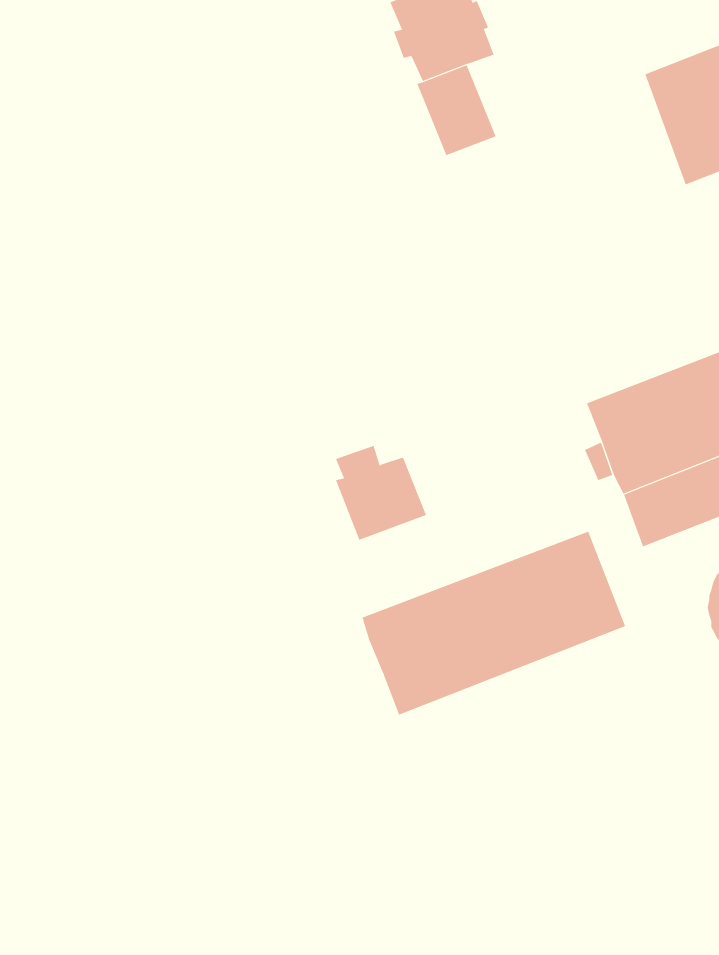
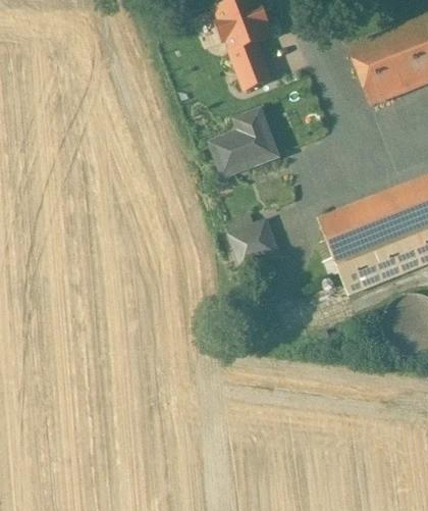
building: none -> [211,111,276,174]
building: [335,445,427,540] -> [229,215,277,265]
building: [362,531,626,716] -> none

